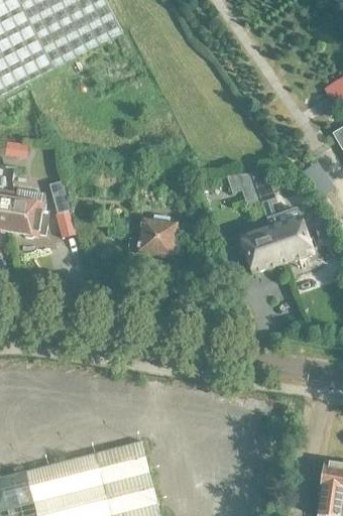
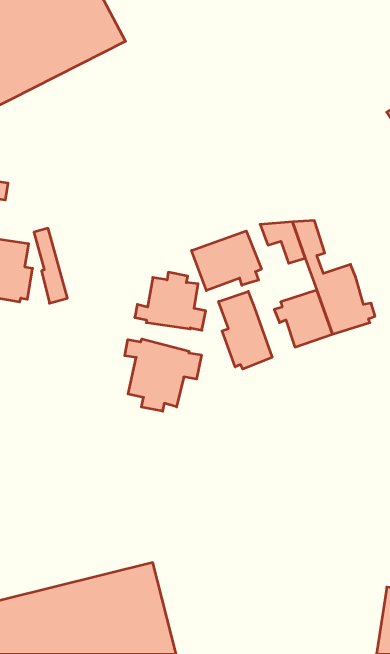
building: none -> [192,231,261,291]
building: none -> [219,291,272,369]
building: none -> [125,339,201,411]

